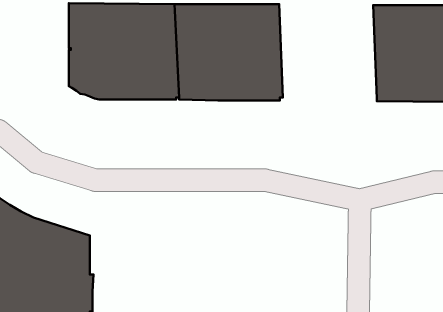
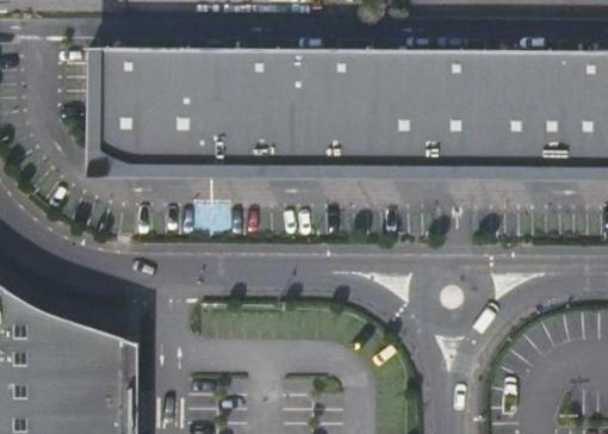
building: none -> [353,45,476,167]

